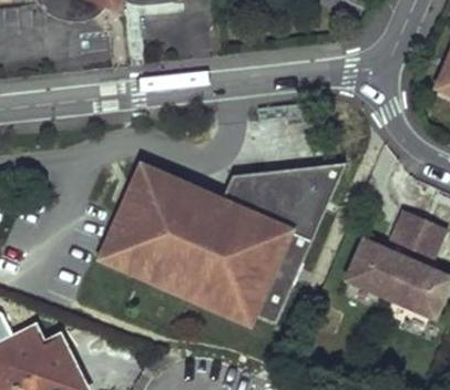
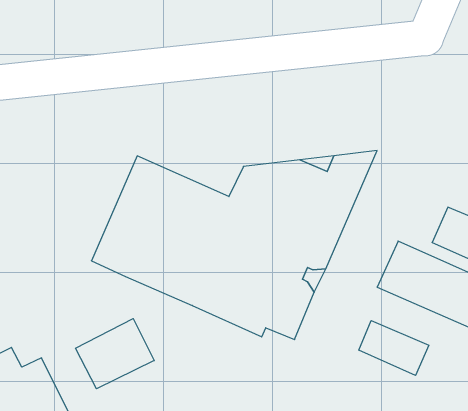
building: none -> [76,319,154,389]
building: none -> [359,321,429,375]

